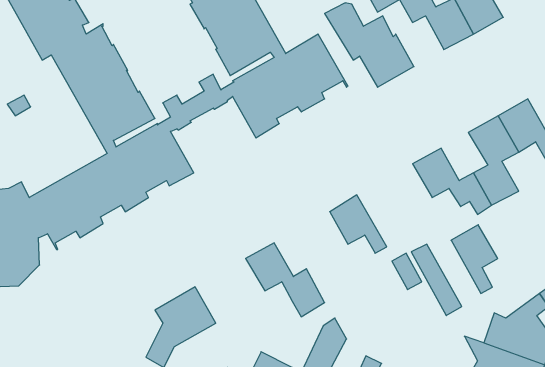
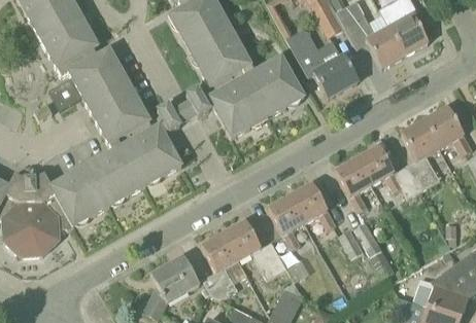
building: none -> [268,195,305,249]
building: [451,225,498,293] -> [335,157,372,212]
building: none -> [202,232,239,298]

